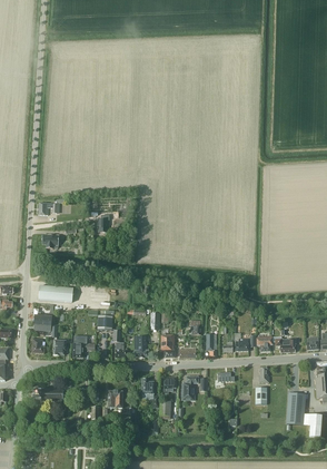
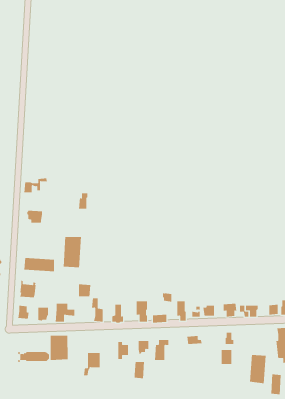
building: none -> [63,236,82,268]
building: none -> [50,335,68,361]

